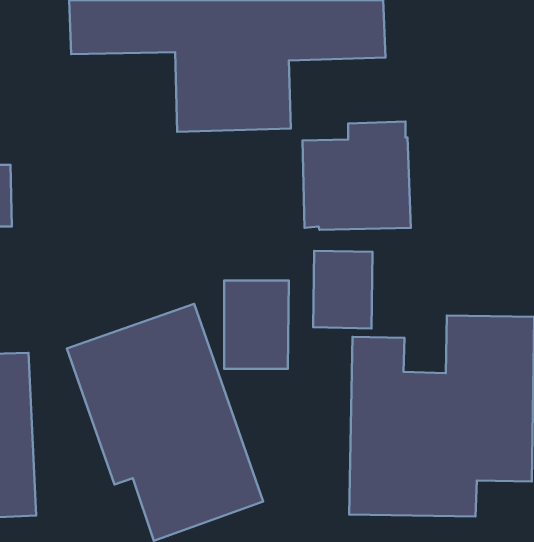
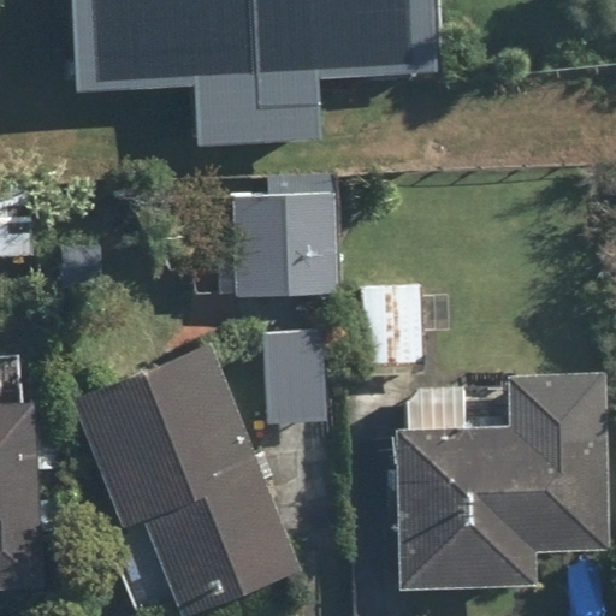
building: [302,121,411,230] -> [207,176,330,298]

